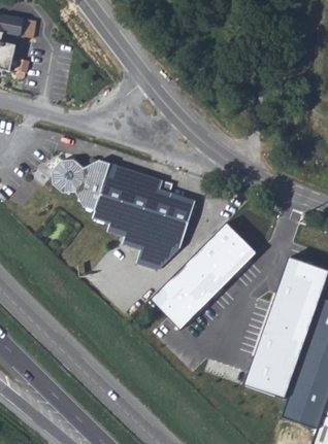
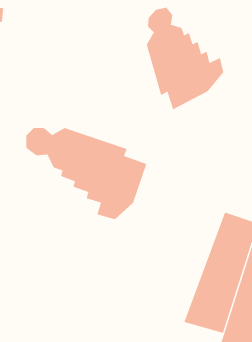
building: none -> [146,7,224,110]
building: [151,224,256,330] -> none

